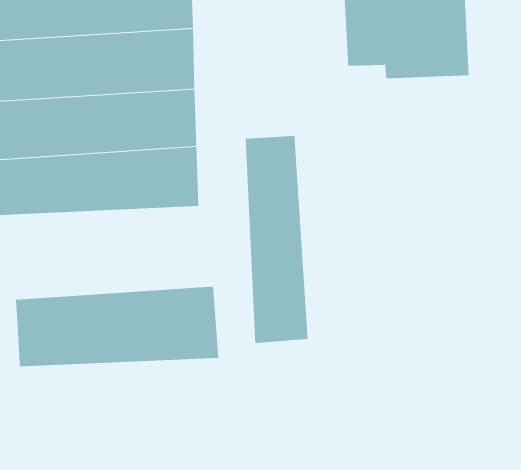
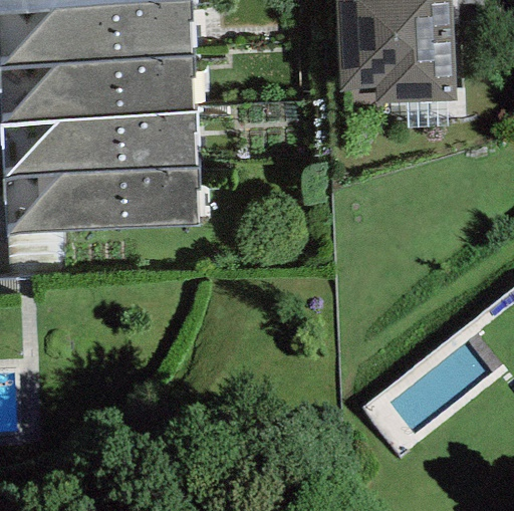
building: [245,135,308,344] -> none
building: [16,286,219,367] -> none

